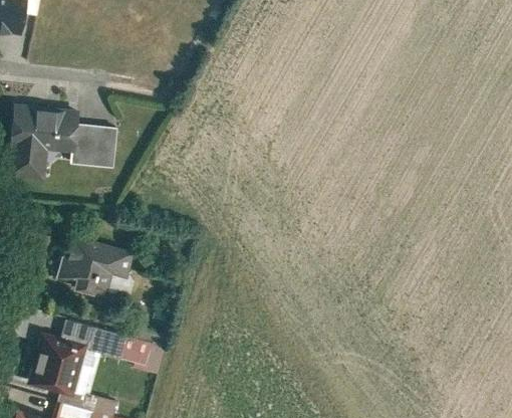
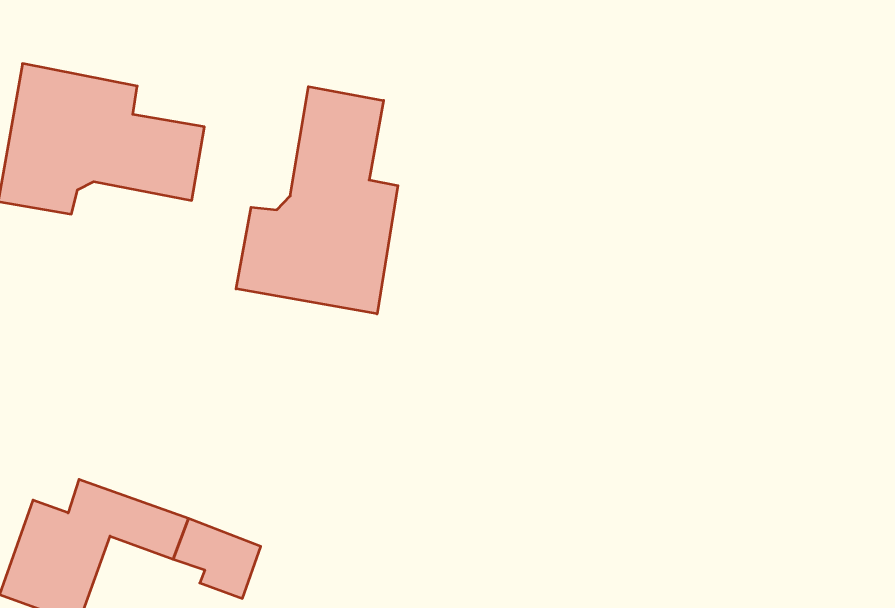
building: none -> [236,87,398,314]
building: [58,239,135,290] -> none

